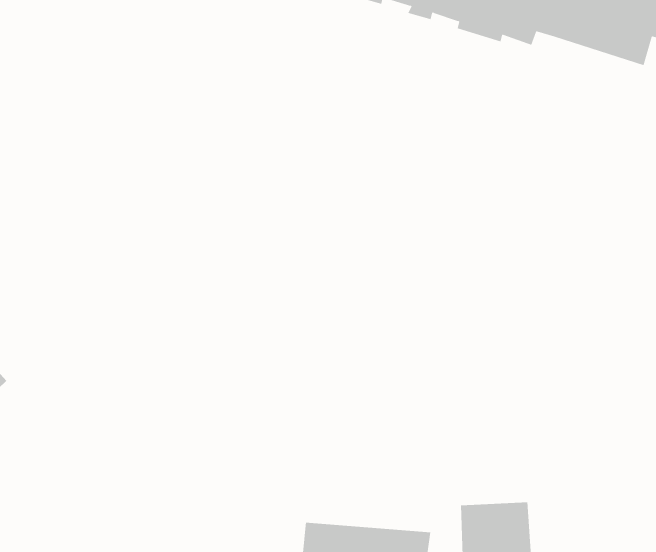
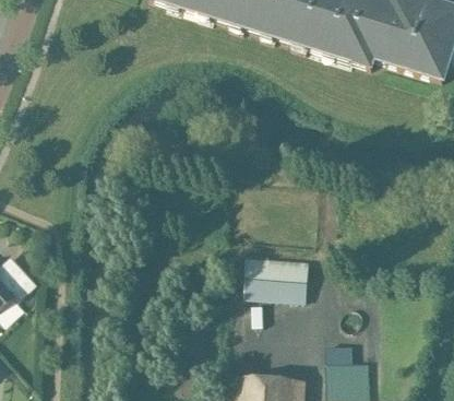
building: none -> [242,252,308,298]

